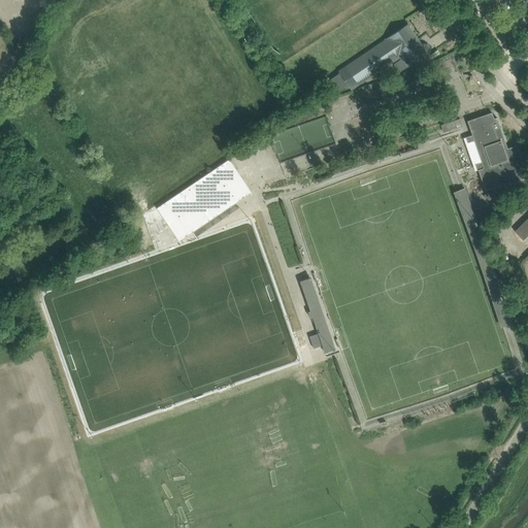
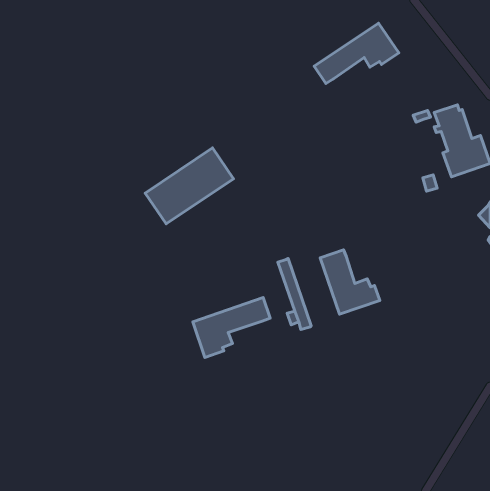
building: none -> [320,250,380,314]
building: none -> [193,298,270,357]

